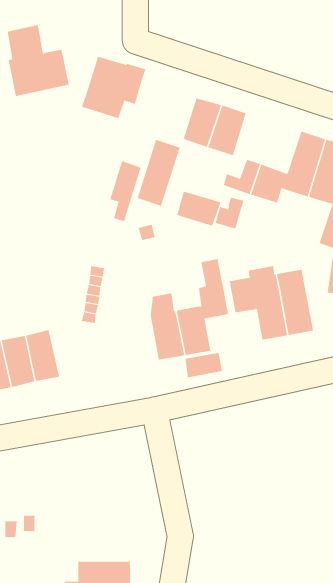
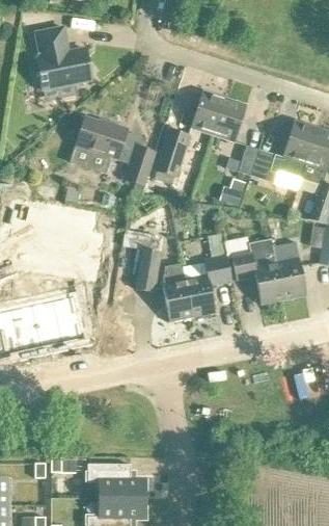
building: [81,56,146,119] -> [71,116,128,172]
building: [176,191,221,227] -> none
building: none -> [136,248,161,291]
building: [185,352,223,378] -> none
building: none -> [87,464,145,498]

